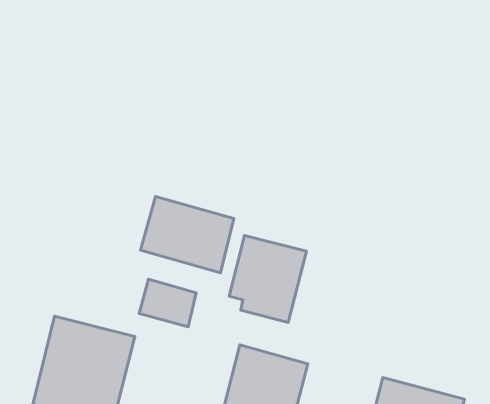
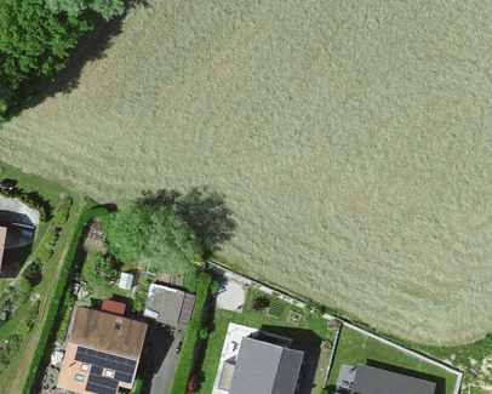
building: [141,197,234,273] -> none
building: [229,235,307,323] -> none

